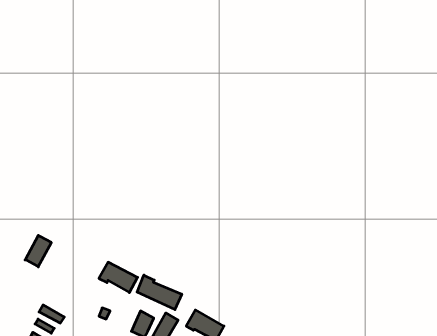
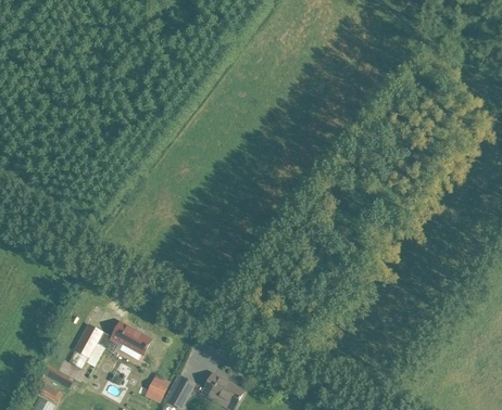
building: [25,235,51,267] -> [74,324,102,358]
building: [137,275,182,310] -> none

